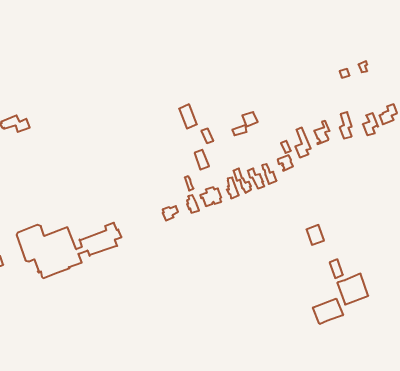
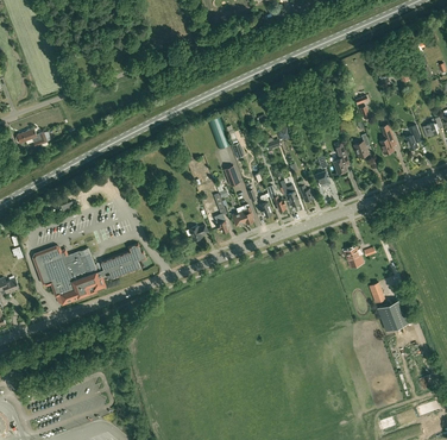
building: [313,299,343,324] -> none

